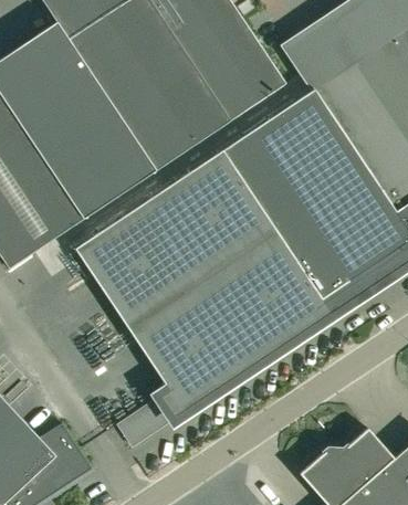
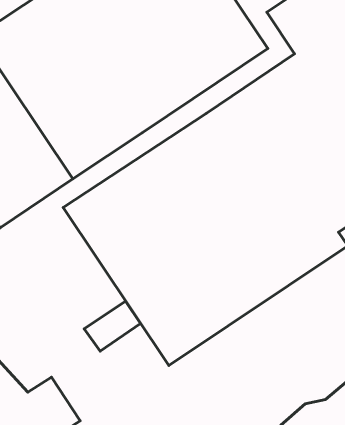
building: [116,396,175,448] -> [84,301,141,351]

